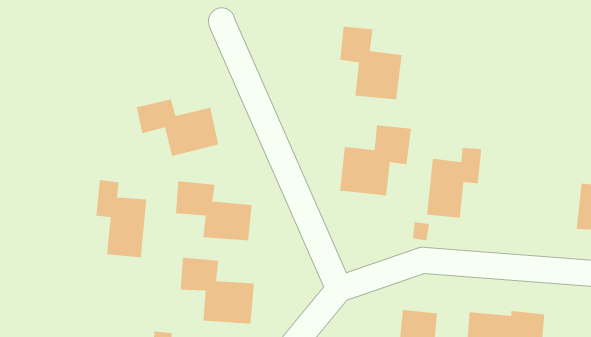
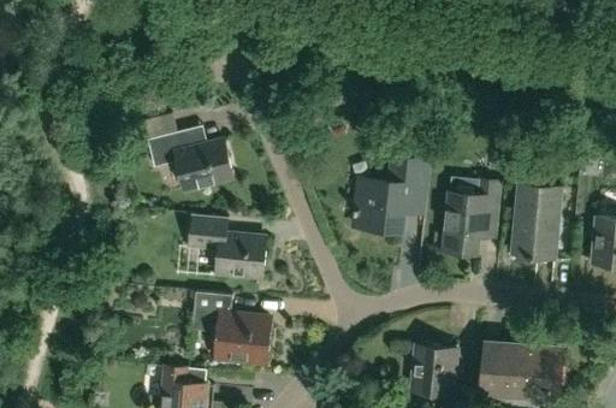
building: [339,26,403,100] -> none
building: none -> [510,184,561,260]
building: [95,179,147,258] -> none

